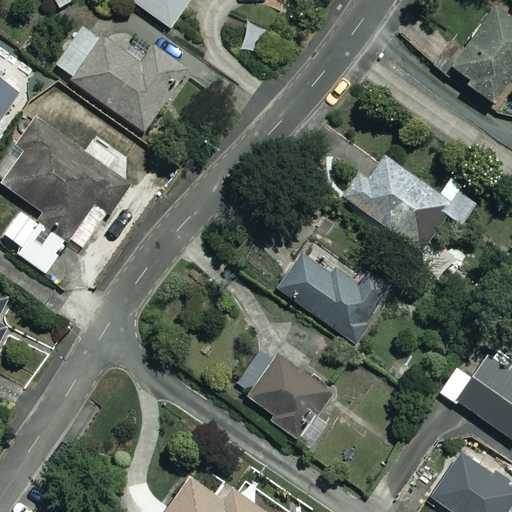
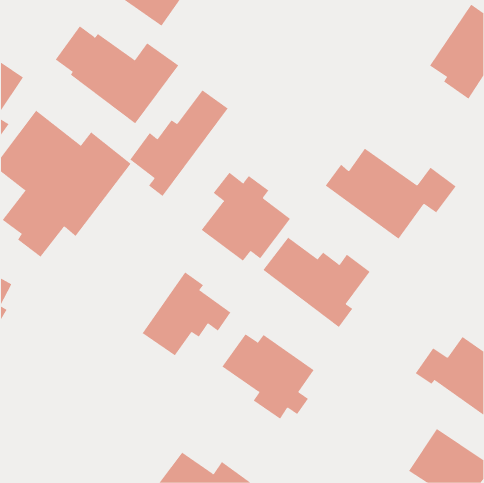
building: none -> [130,89,228,197]
building: none -> [201,172,291,261]
building: none -> [142,272,231,356]

